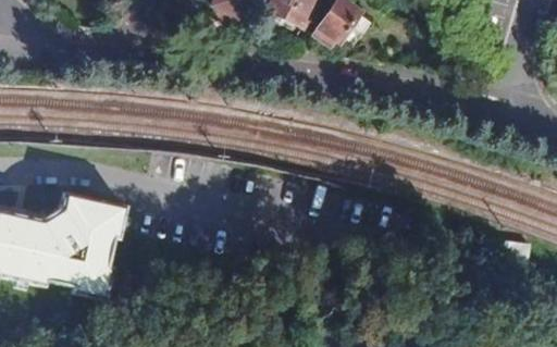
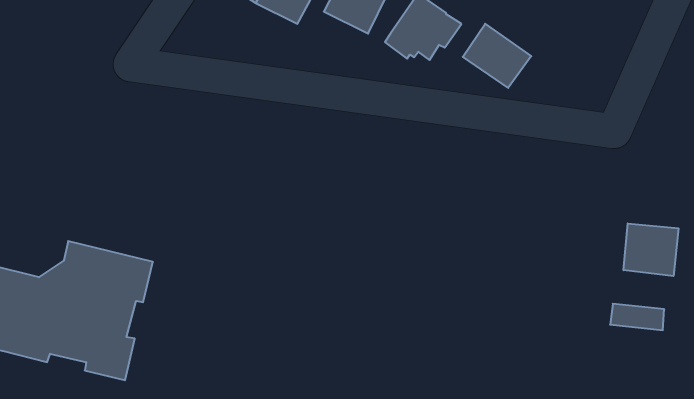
building: none -> [463,24,531,88]
building: none -> [624,223,678,276]

